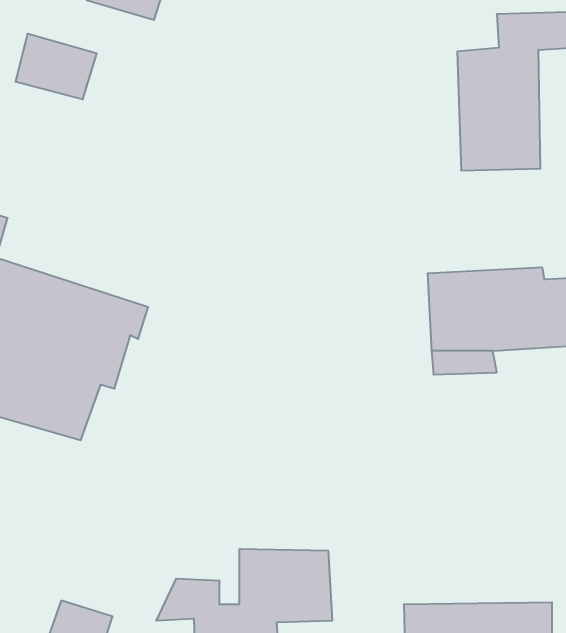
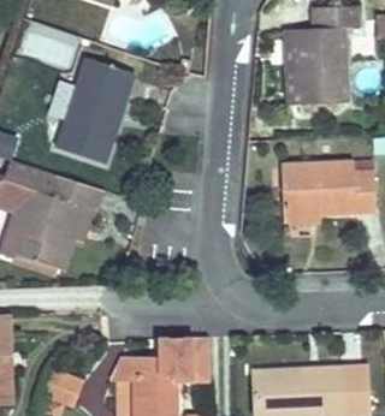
building: none -> [57,64,131,162]

